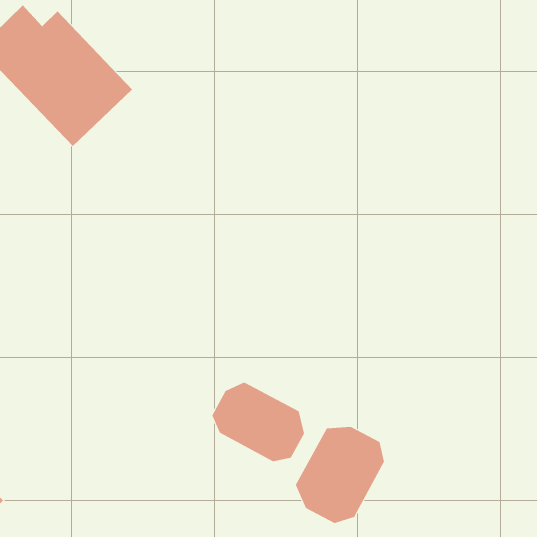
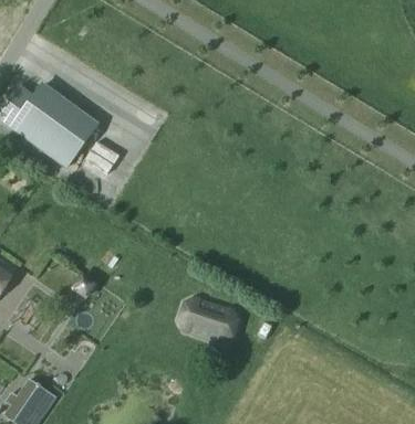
building: [295,426,385,524] -> none

